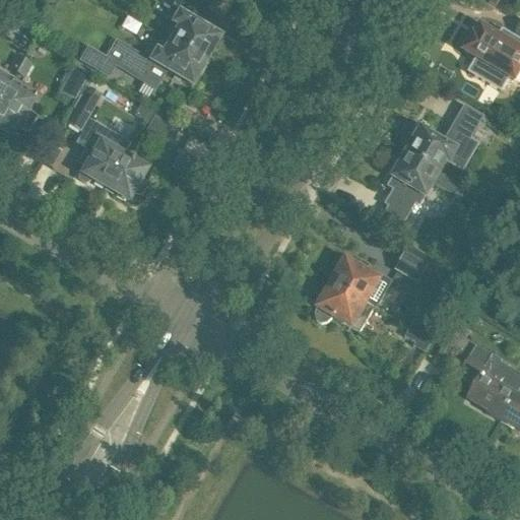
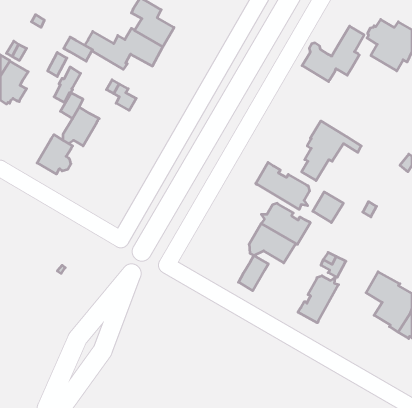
building: [404,103,482,173] -> [302,26,364,82]
building: [105,148,149,198] -> [37,135,73,174]
building: none -> [256,162,310,209]
building: none -> [238,256,268,291]
building: none -> [298,276,339,323]

